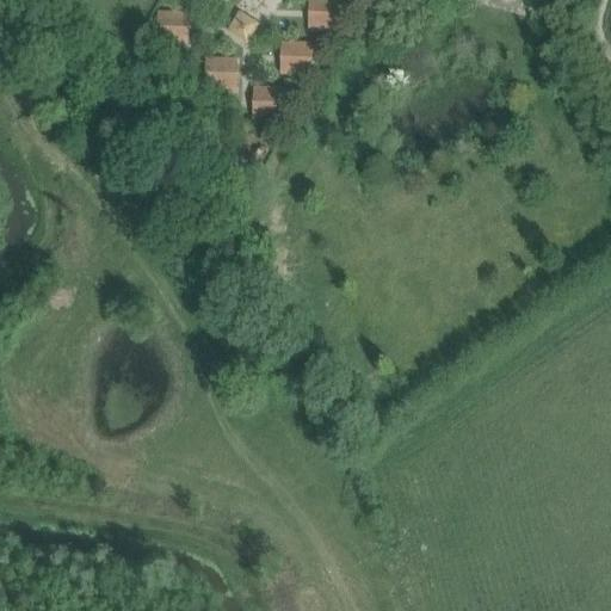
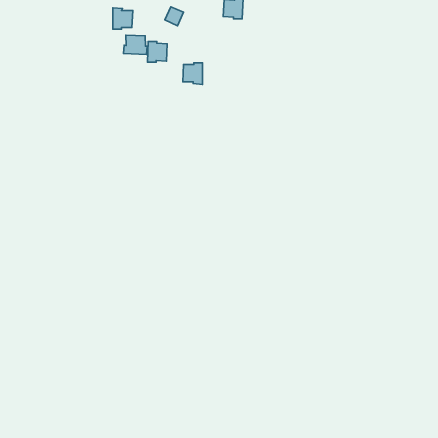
building: [282,42,309,72] -> none
building: none -> [123,35,147,55]

